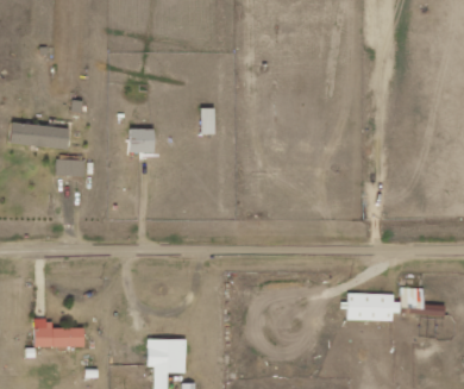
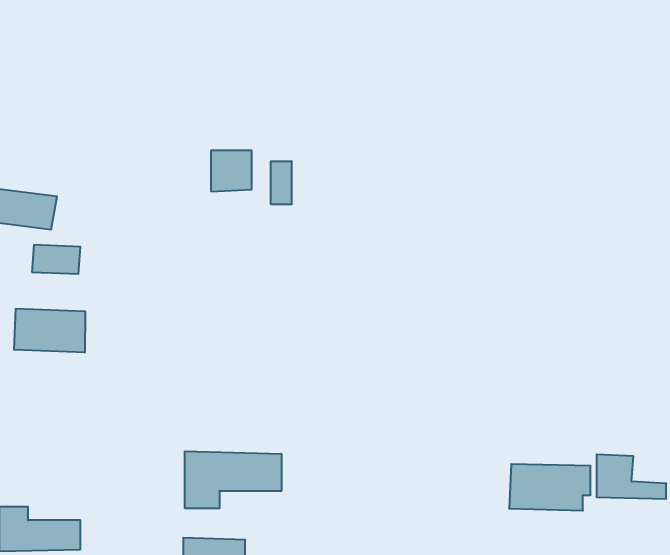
building: [130,127,155,152] -> [211,151,252,191]
building: none -> [14,309,85,353]
building: none -> [185,451,281,508]

